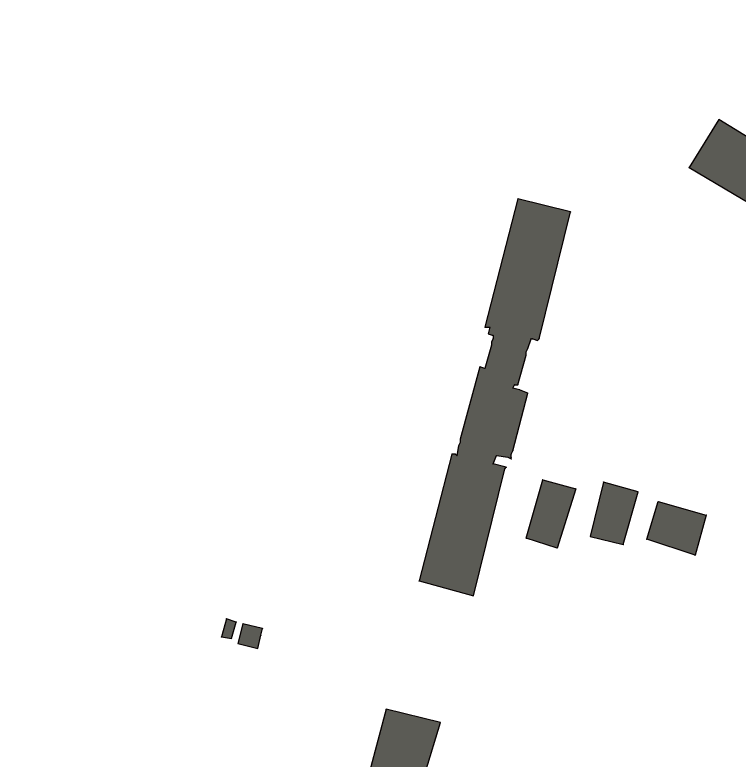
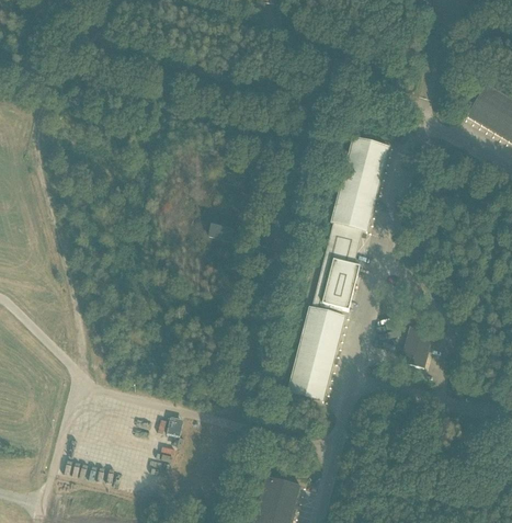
building: [526,480,576,548] -> none
building: [647,502,706,555] -> none

